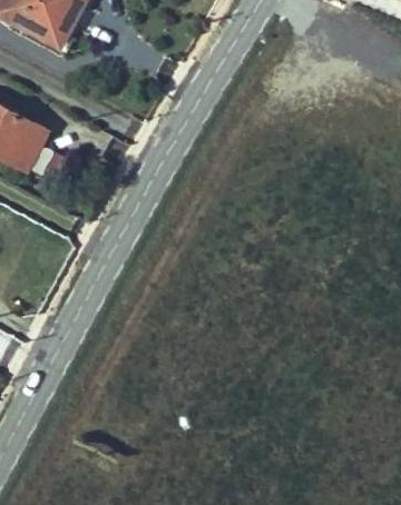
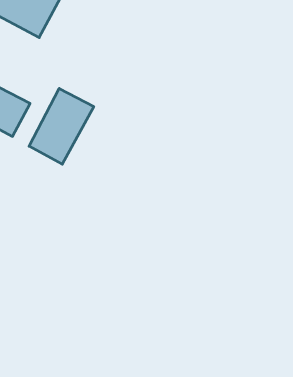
building: none -> [29,88,94,164]

